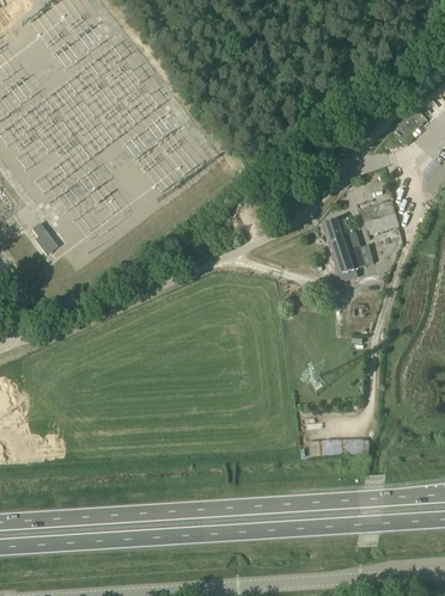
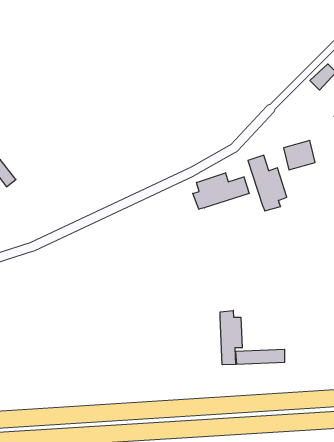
building: none -> [193,173,249,209]
building: none -> [220,310,242,365]

